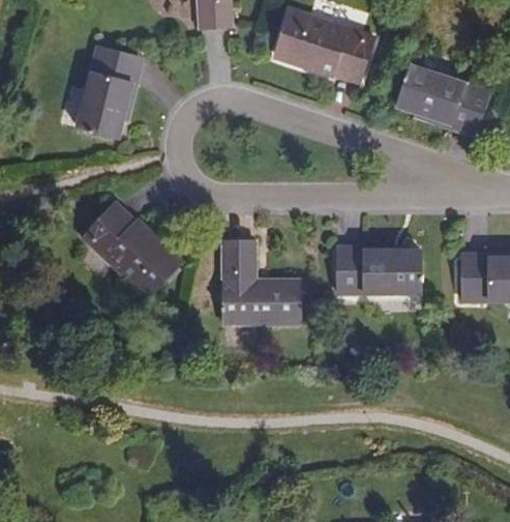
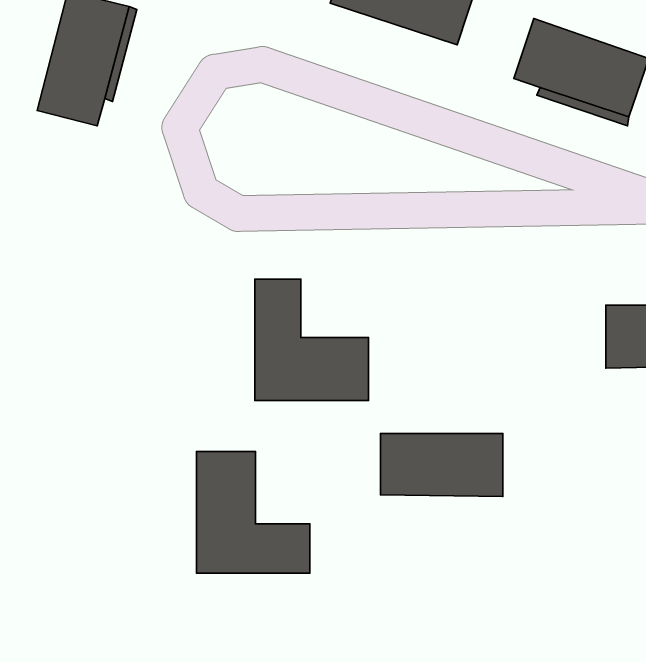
building: [83,202,180,297] -> none
building: [336,251,419,293] -> [380,434,503,496]
building: none -> [197,451,310,573]

